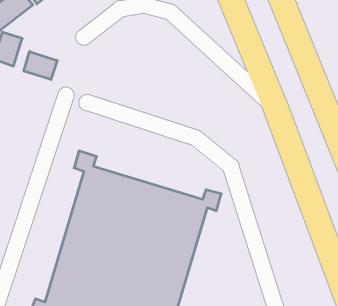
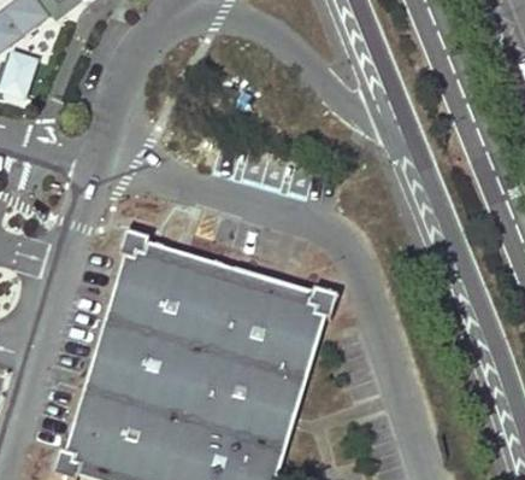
building: [24,51,57,80] -> none

